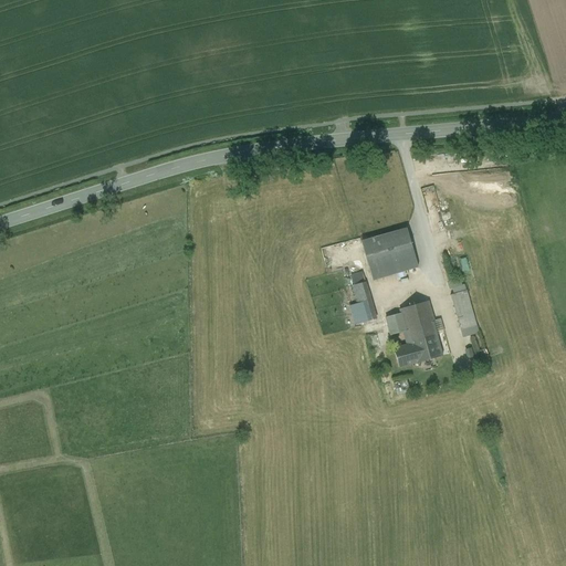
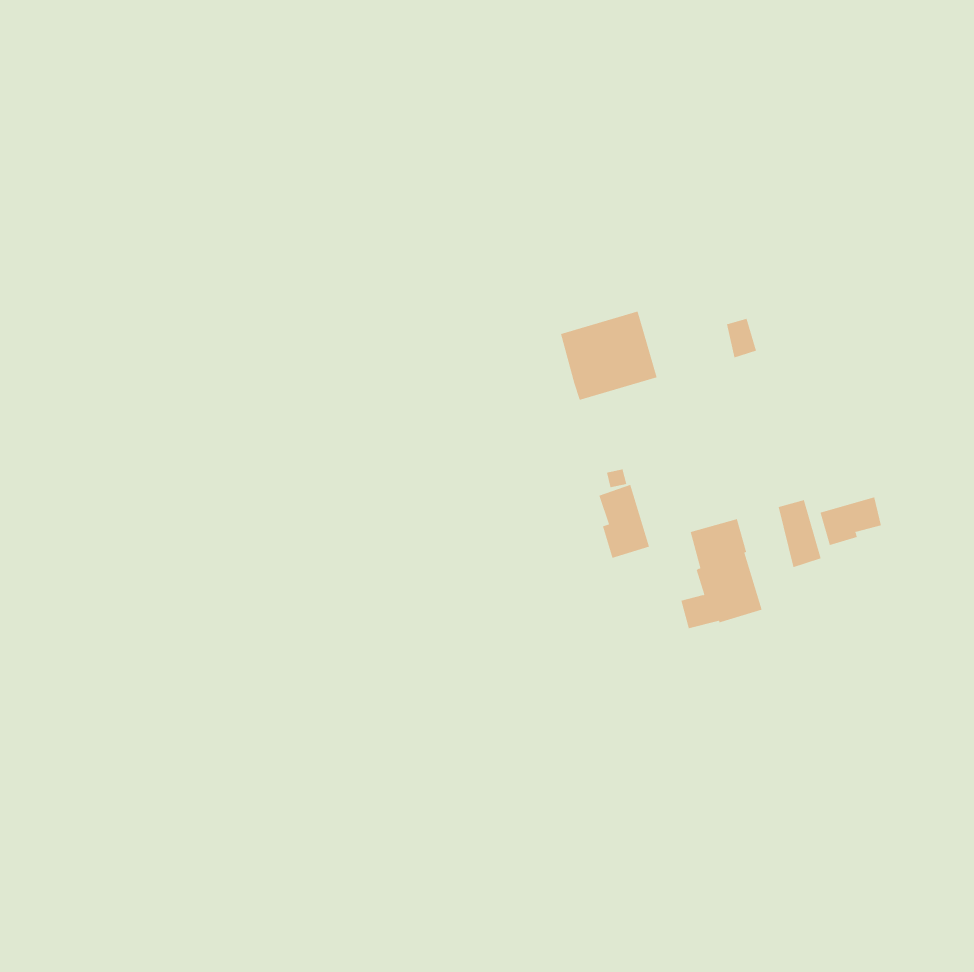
building: [361,228,418,280] -> [560,311,657,400]
building: none -> [820,497,881,546]

